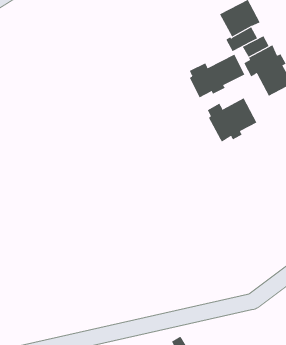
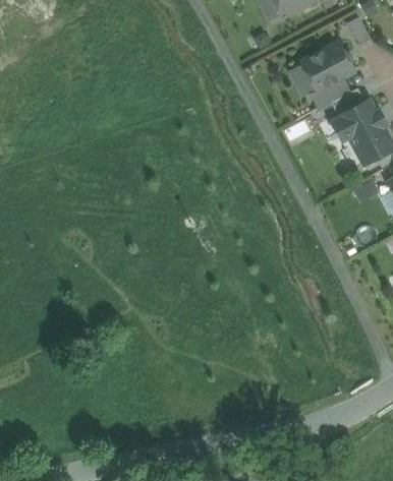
building: [189,54,245,98] -> none
building: [207,98,257,143] -> none

